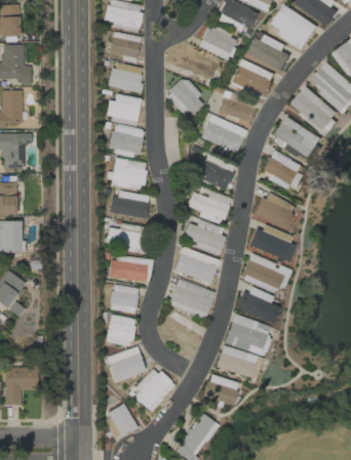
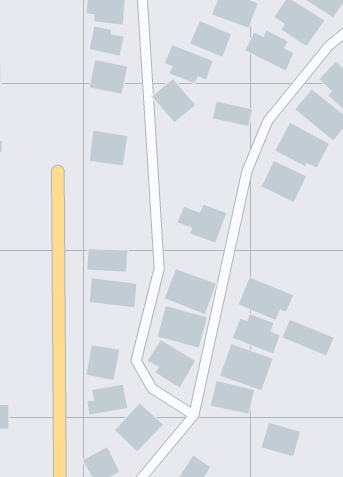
building: [233,66,274,97] -> none
building: [106,93,142,125] -> none
building: [201,115,246,152] -> none
building: [192,155,235,189] -> none
building: [111,158,148,190] -> none
building: [111,190,150,218] -> none
building: [256,193,298,228] -> none
building: [185,219,227,255] -> none
building: [248,228,296,261] -> [282,319,335,356]
building: [110,285,138,312] -> none
building: [203,374,239,405] -> [260,422,301,457]

